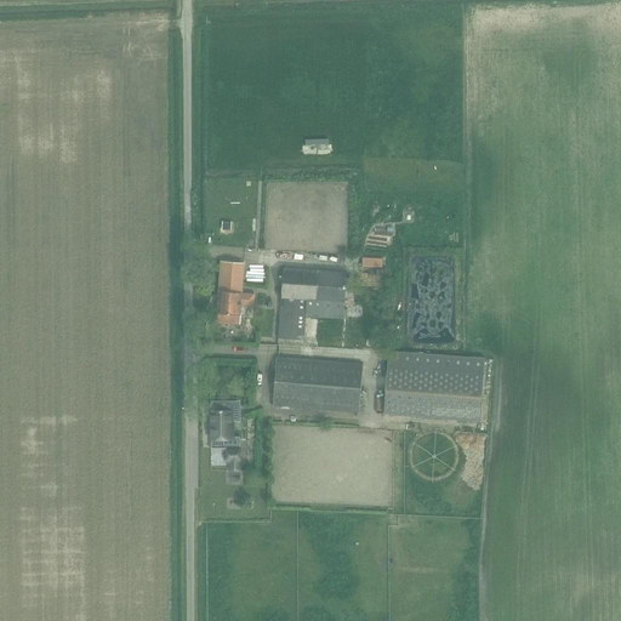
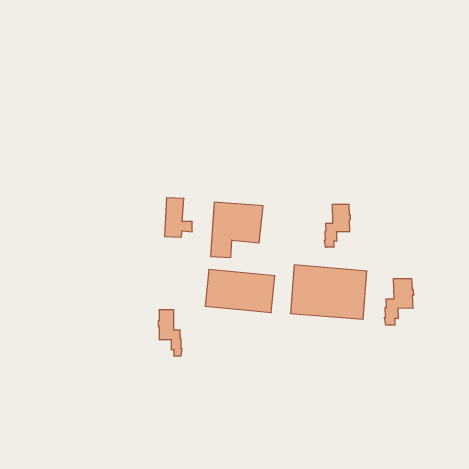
building: none -> [324,204,350,247]
building: none -> [384,279,413,325]

